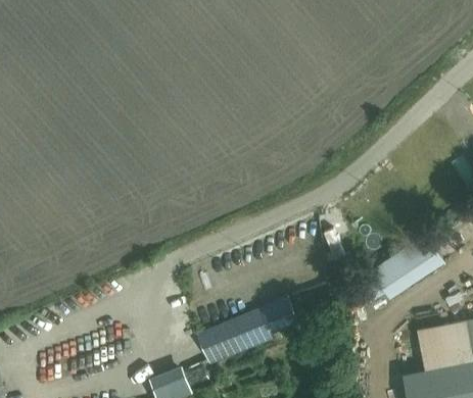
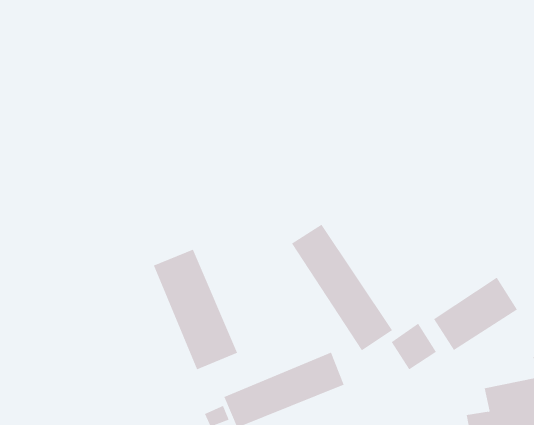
building: none -> [291,224,393,351]
building: none -> [153,249,238,370]

